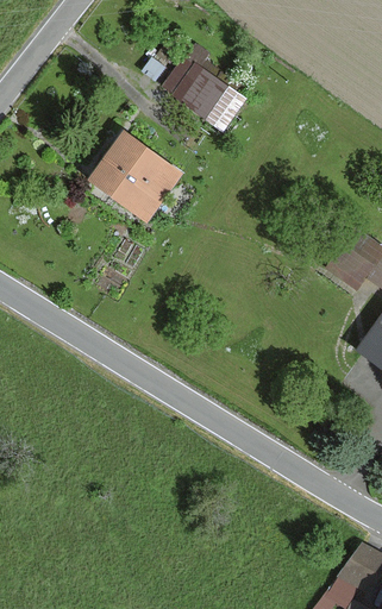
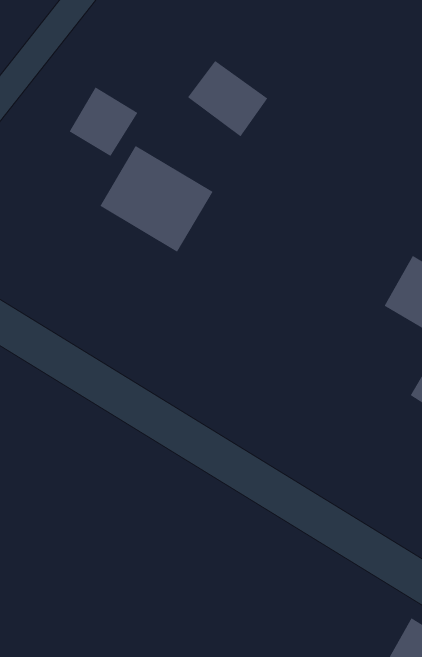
building: none -> [69,87,138,157]

